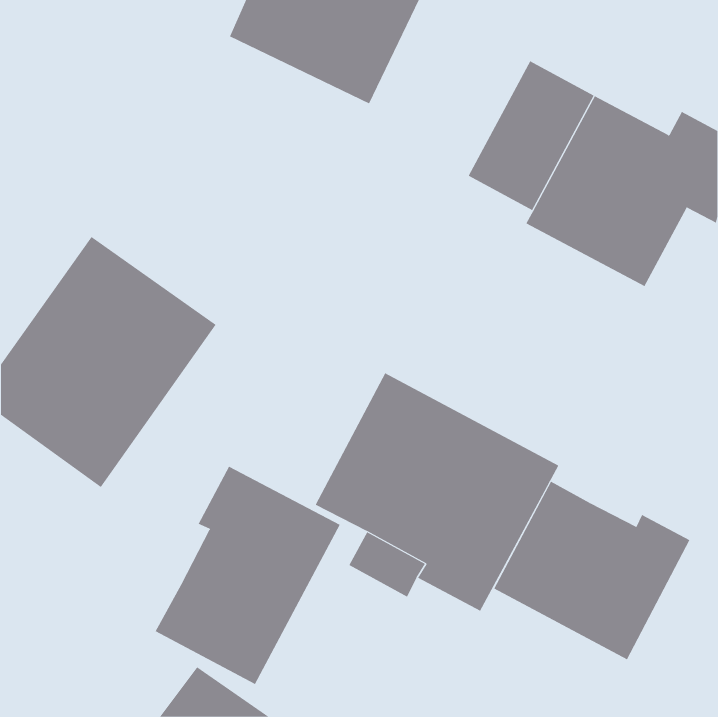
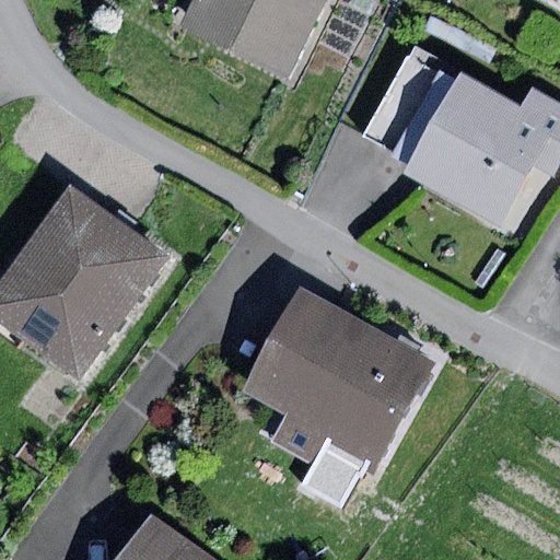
building: [155,466,341,685] -> none
building: [493,481,690,660] -> none

